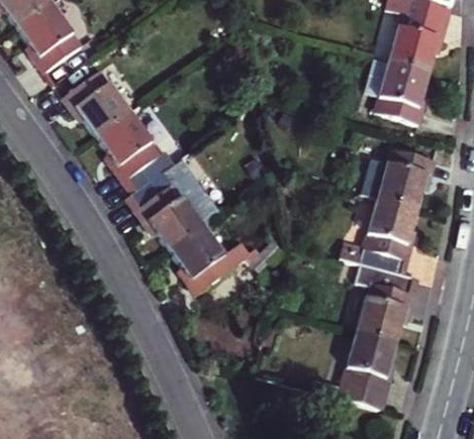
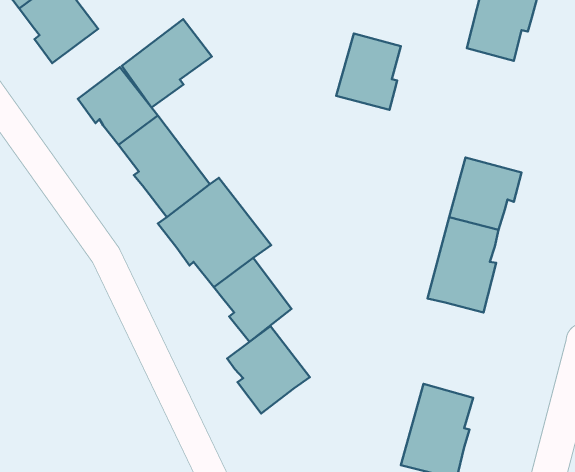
building: none -> [122,19,212,107]
building: [372,67,423,127] -> [336,34,401,110]
building: [352,268,412,344] -> none
building: none -> [227,326,310,414]

